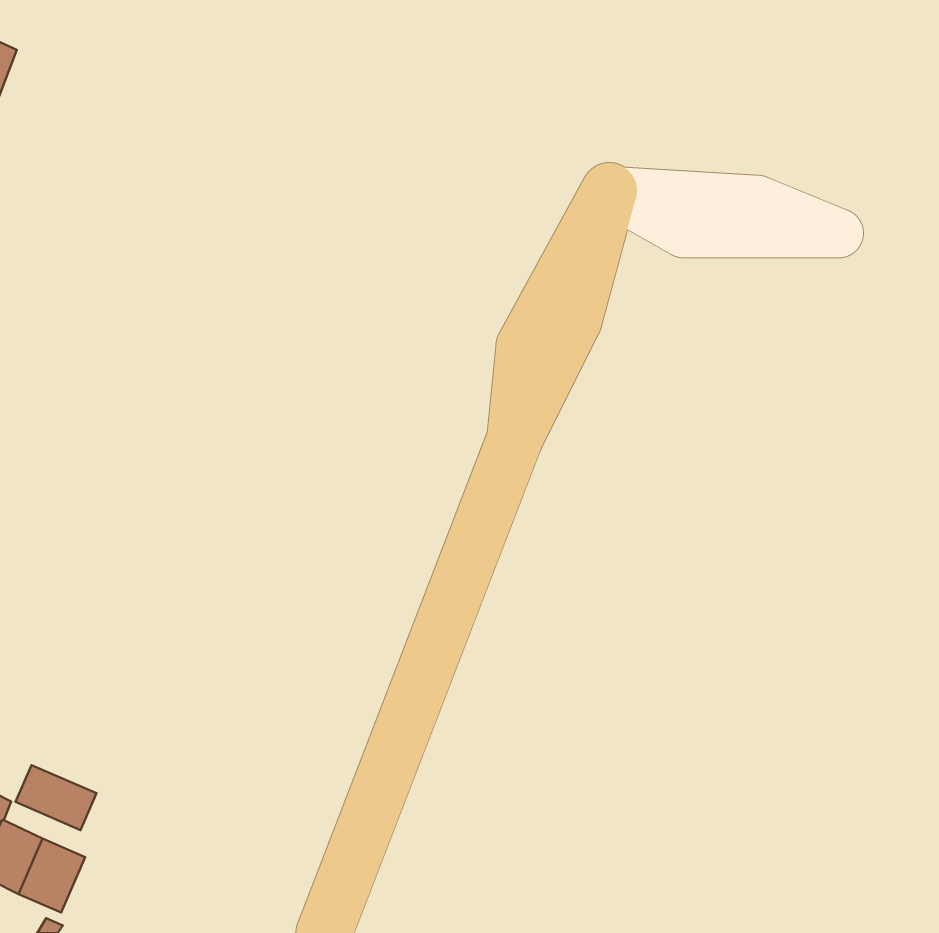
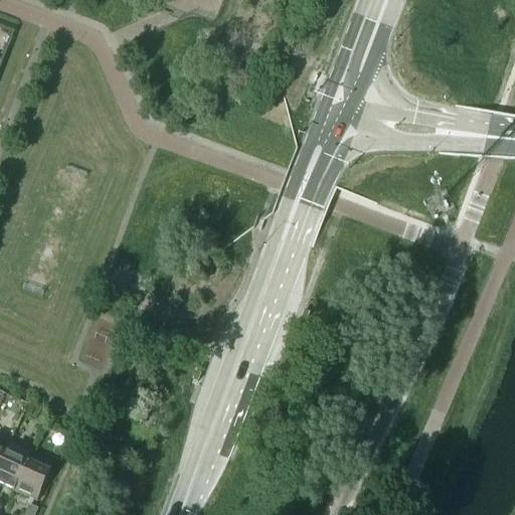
building: [16,765,96,830] -> none

